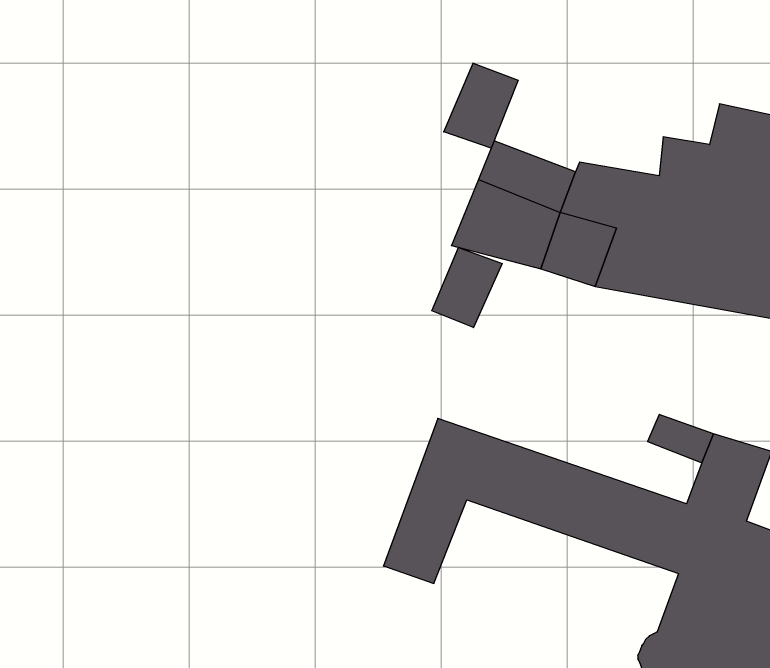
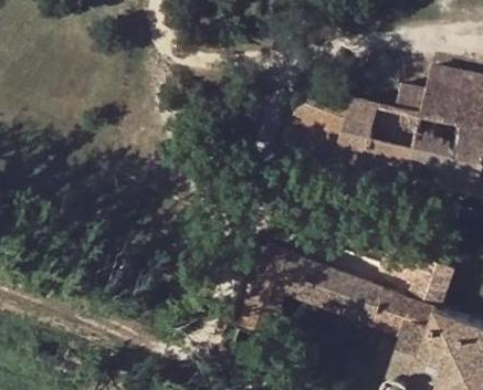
building: [444,63,518,148] -> none
building: [432,247,502,328] -> none

